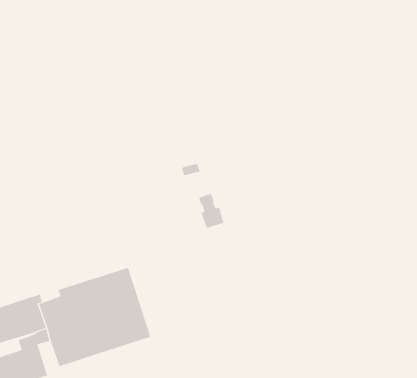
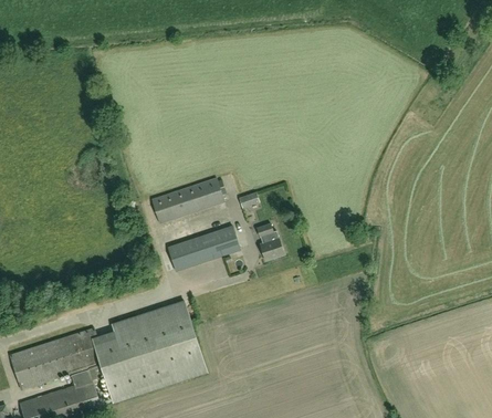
building: none -> [150,178,224,223]
building: none -> [166,224,239,271]

